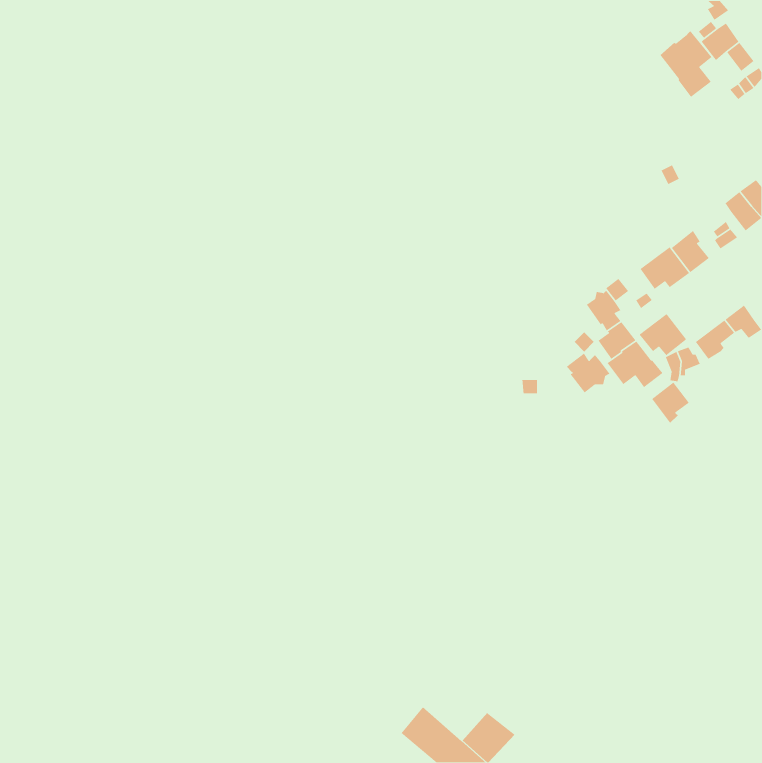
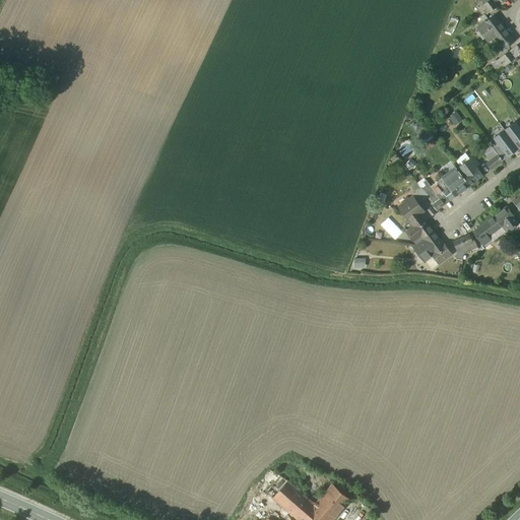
building: [659,30,713,98] -> none
building: [638,313,687,356] -> none
building: [566,352,610,394] -> none
building: [651,381,690,424] -> none

